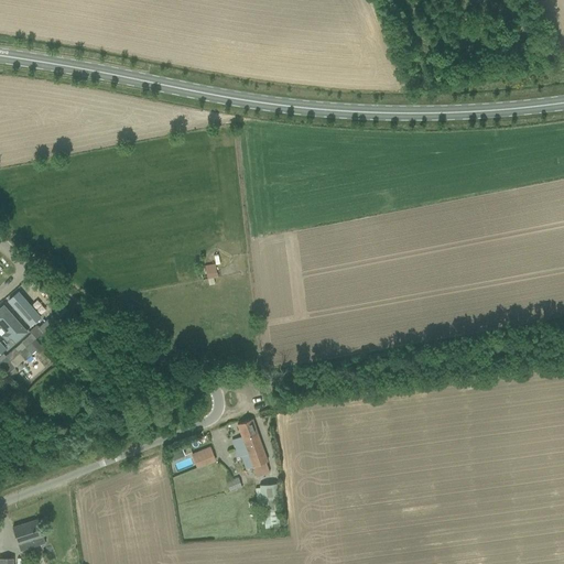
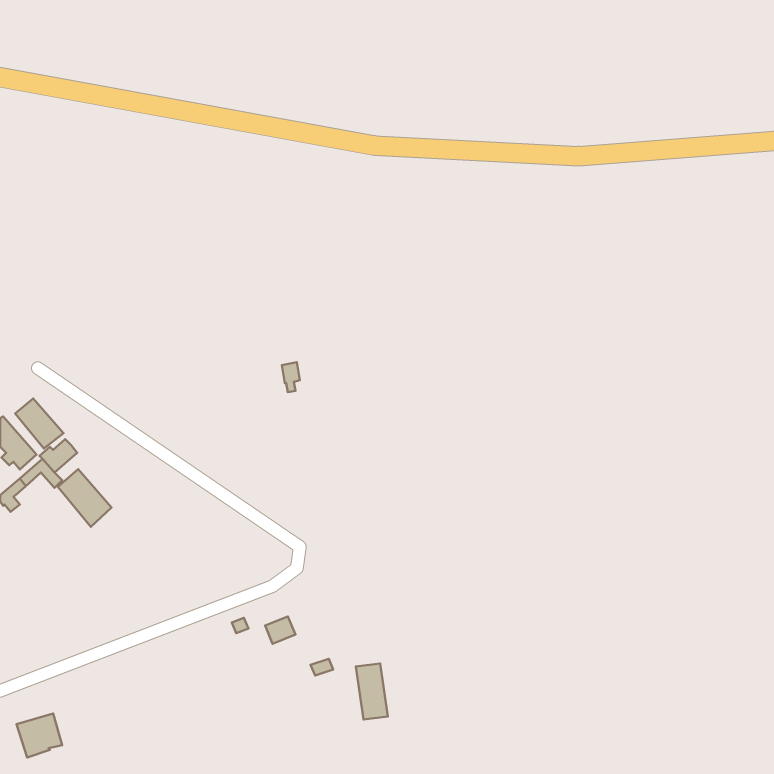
building: none -> [58,469,112,527]
building: [231,419,270,477] -> none

